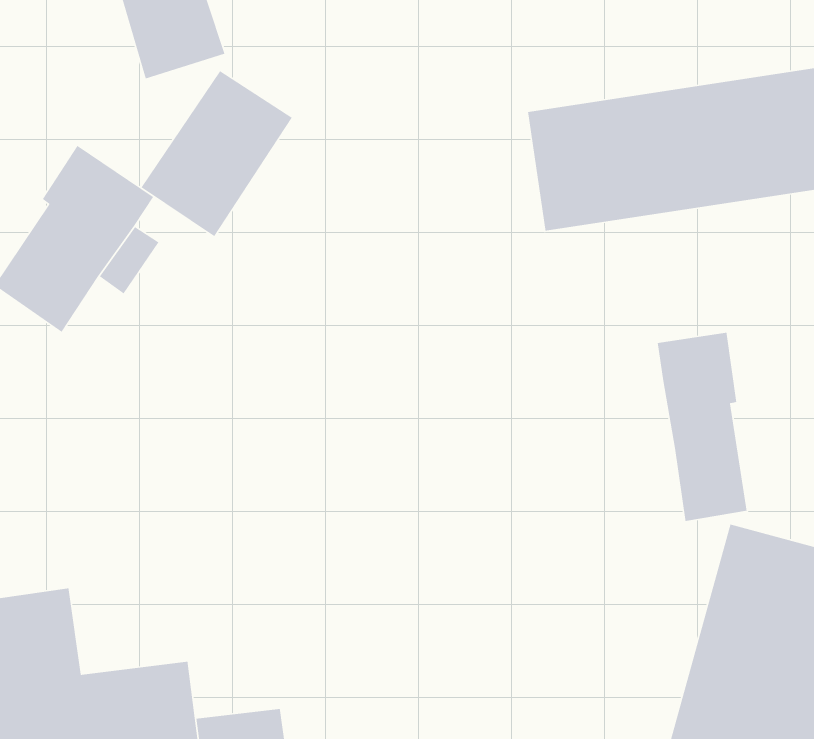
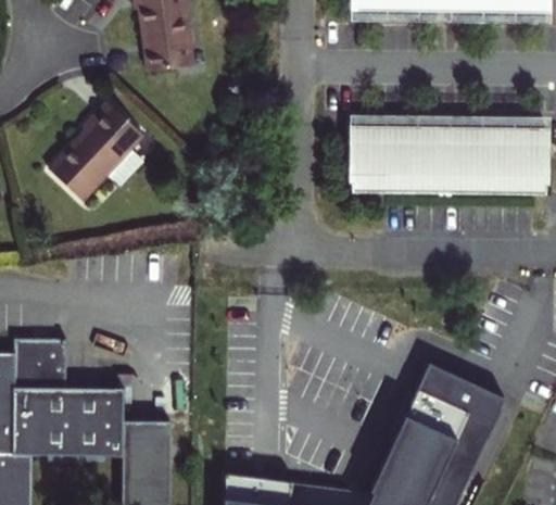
building: [141,70,293,237] -> none
building: [657,332,747,522] -> none

